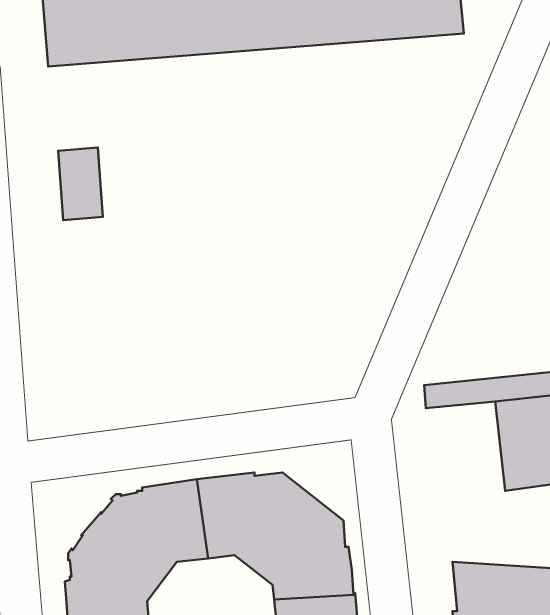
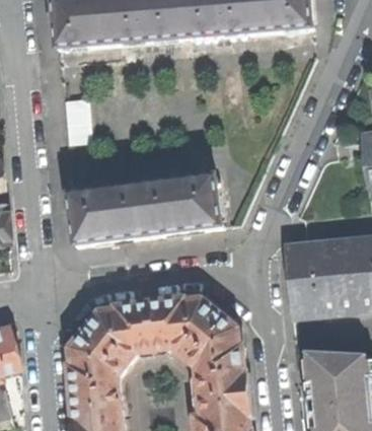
building: none -> [71,178,224,247]
building: none -> [292,257,341,312]

